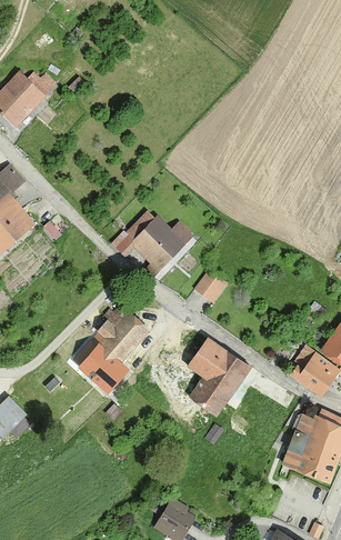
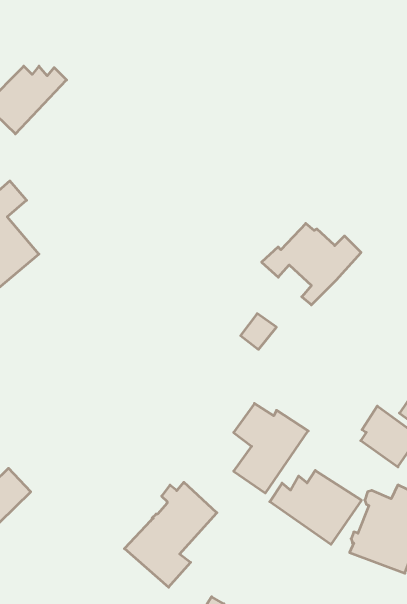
building: [112,212,192,278] -> [262,223,361,305]
building: [73,306,148,390] -> [124,482,217,587]
building: none -> [270,470,361,544]

